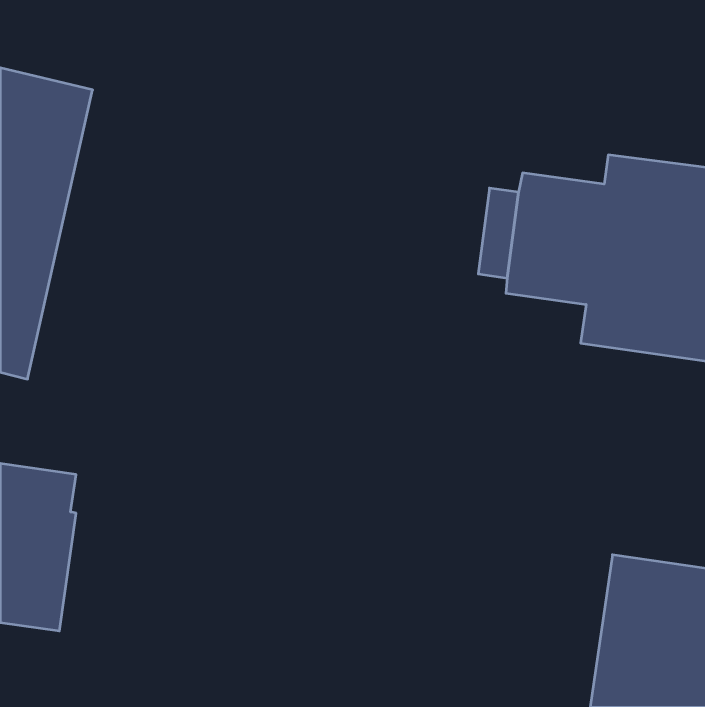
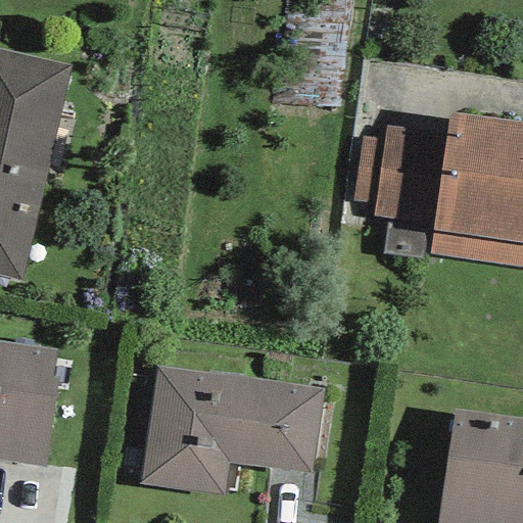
building: none -> [141,366,324,495]

